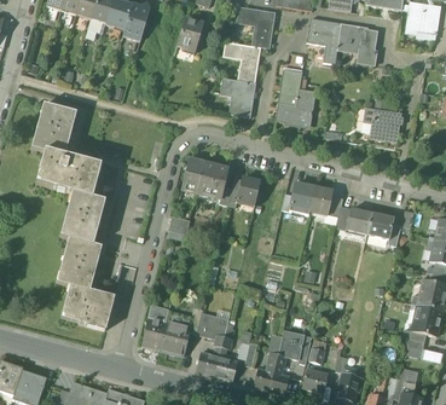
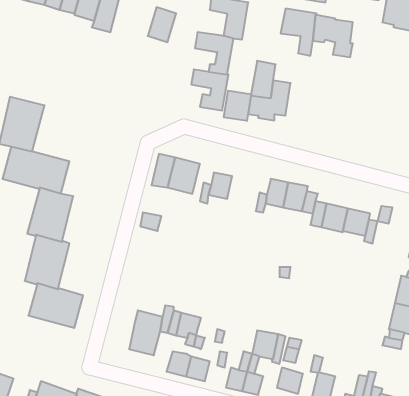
building: none -> [224,91,251,121]
building: [364,108,400,141] -> none
building: [140,318,164,349] -> none

